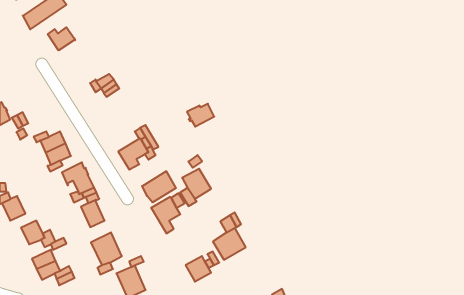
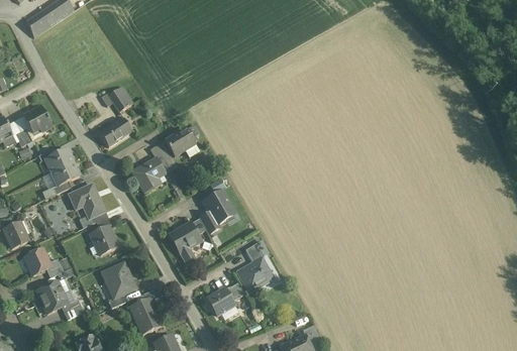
building: [48,27,75,50] -> none
building: none -> [22,106,50,136]
building: none -> [99,118,131,146]
building: [187,104,214,127] -> [165,130,195,155]
building: [142,171,176,202] -> none

